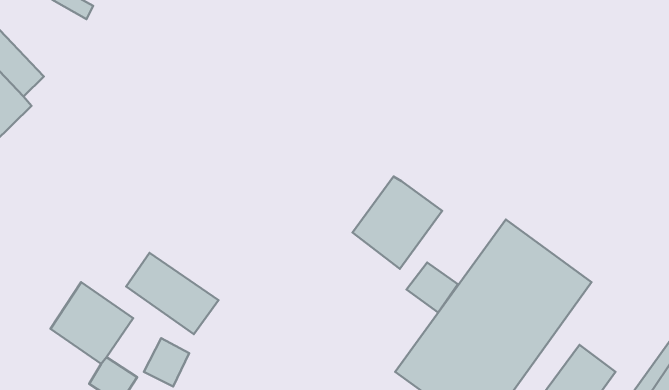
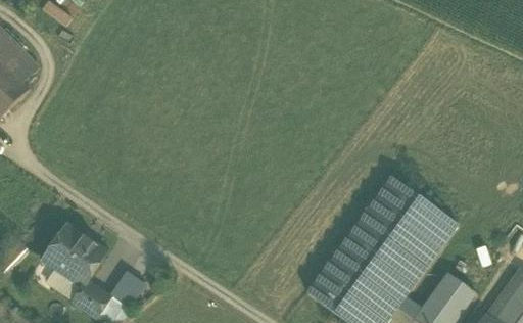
building: [352,176,442,269] -> none
building: [126,253,218,334] -> none
building: [406,262,458,313] -> none

